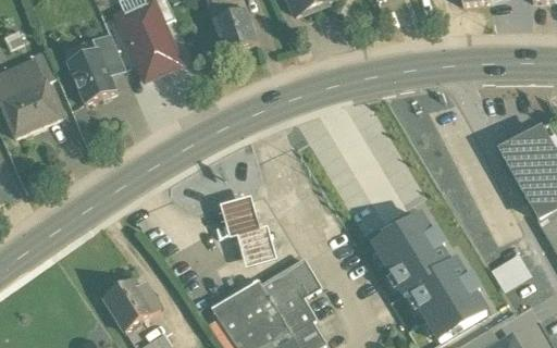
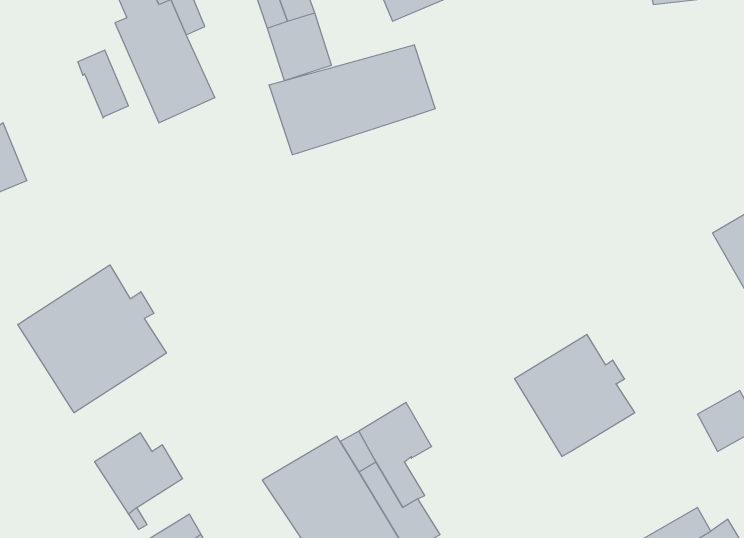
building: none -> [269,45,435,155]
building: [66,48,116,103] -> none
building: none -> [18,265,166,413]
building: [219,196,276,268] -> none
building: [409,262,485,339] -> none

